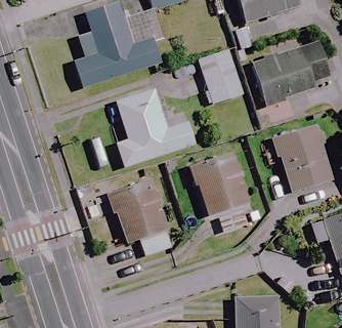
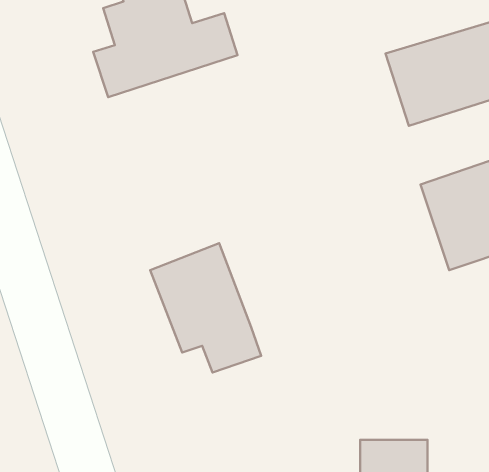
building: [198,49,243,104] -> none
building: [116,87,195,166] -> none
building: [193,156,251,232] -> none

